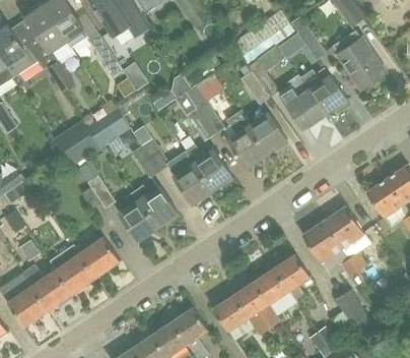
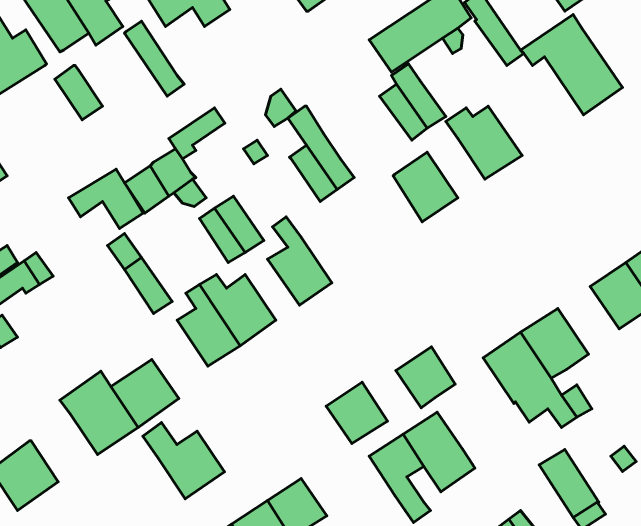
building: [298,66,349,114] -> none
building: [225,111,265,167] -> none
building: [184,143,232,190] -> none
building: [274,253,310,290] -> [396,347,455,408]
building: [22,263,71,309] -> [143,423,224,499]
building: [212,294,249,331] -> [326,382,388,443]

